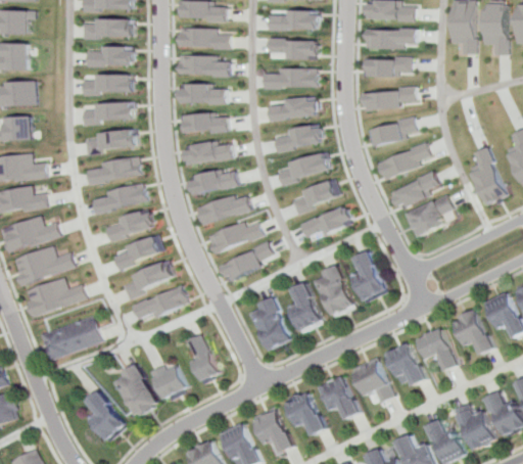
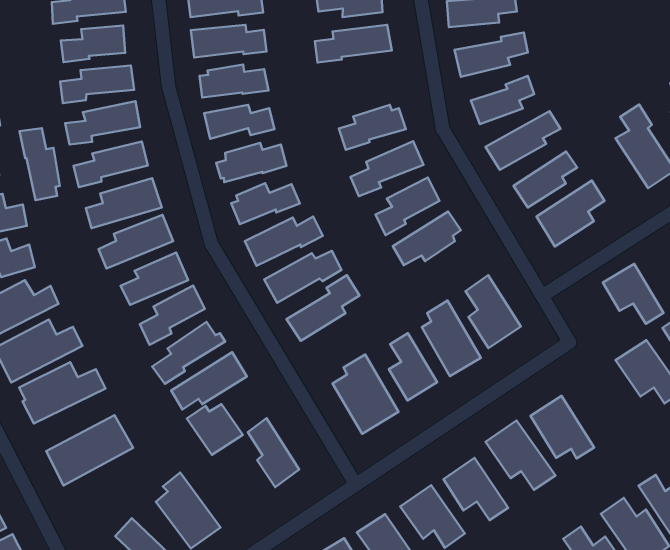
building: [269,95,316,120] -> none
building: none -> [20,128,60,200]
building: [414,327,454,370] -> [603,264,664,324]
building: [146,364,184,399] -> [187,404,243,455]

